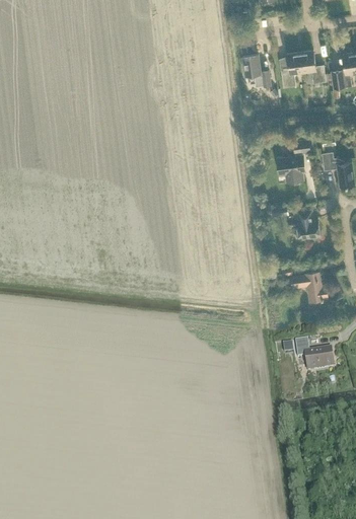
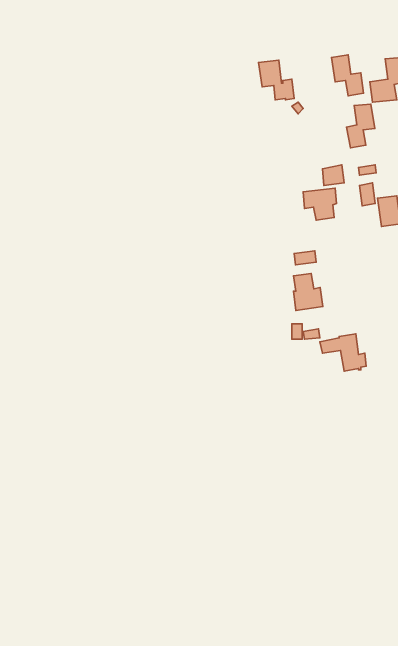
building: [281,52,303,86] -> [347,104,375,148]
building: [297,209,321,238] -> [293,273,323,310]
building: [295,339,334,370] -> none

